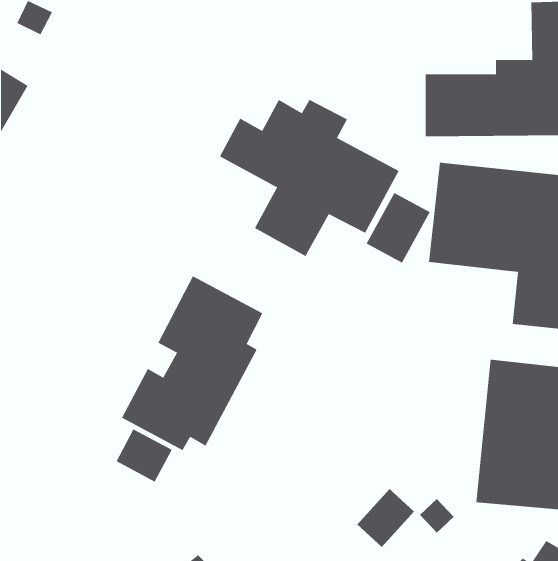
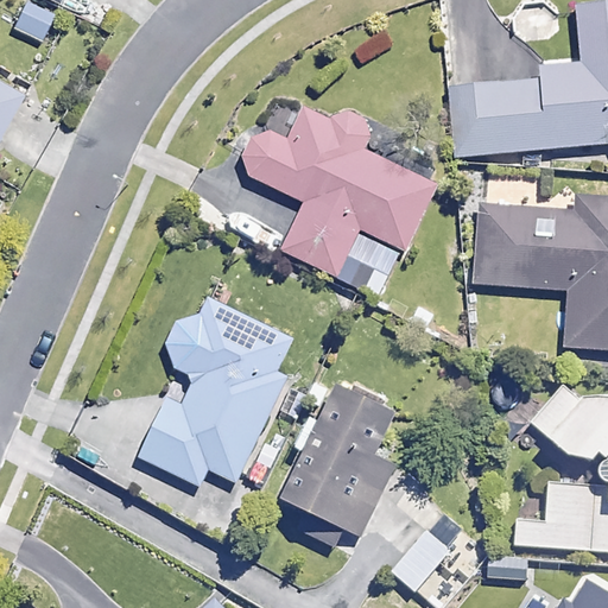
building: [366,192,430,264] -> none
building: none -> [287,386,410,530]
building: [116,429,172,482] -> none

